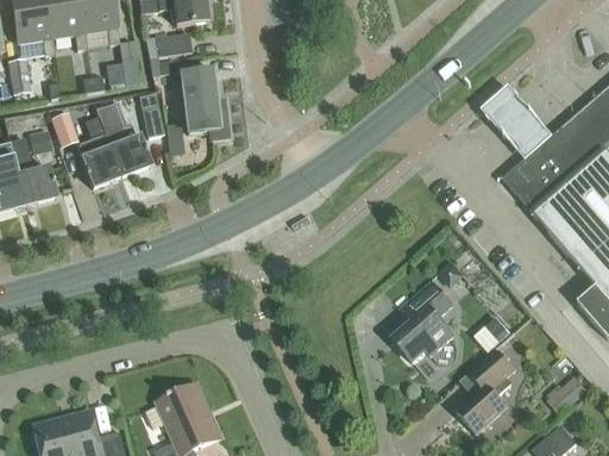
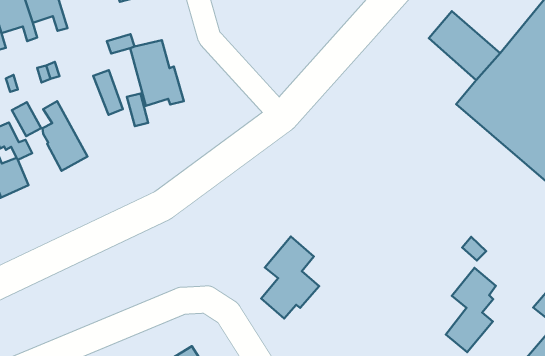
building: [153,31,190,56] -> none
building: [109,37,144,86] -> none
building: [94,101,150,176] -> none
building: [393,280,453,362] -> [261,237,319,318]

